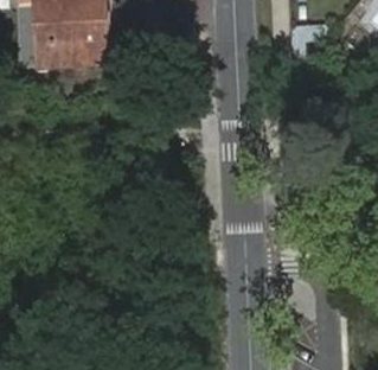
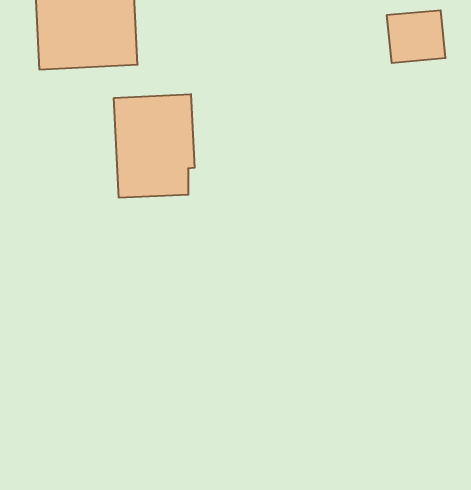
building: none -> [114,94,195,198]

